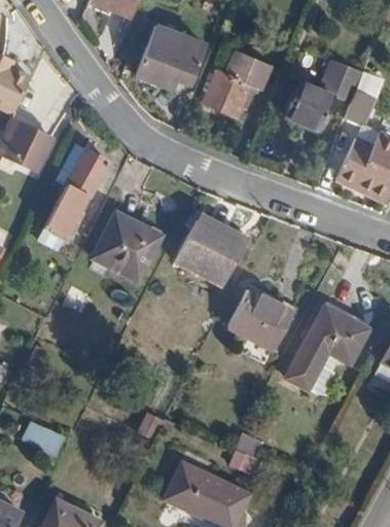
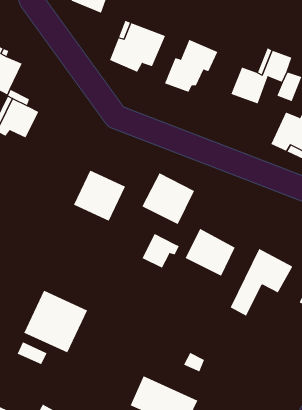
building: [40,148,108,250] -> none
building: none -> [142,233,180,268]
building: none -> [24,290,88,353]

